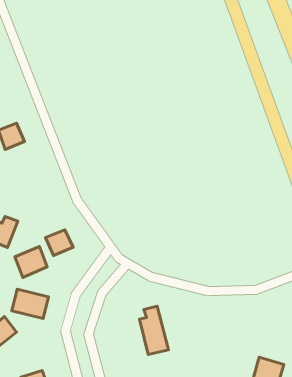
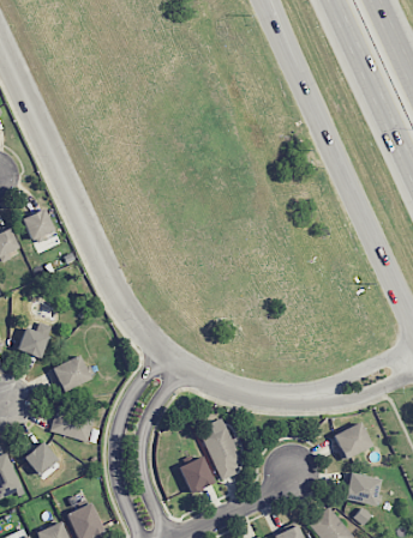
building: [46,230,73,255] -> none
building: none -> [333,422,373,460]
building: none -> [180,455,215,494]

